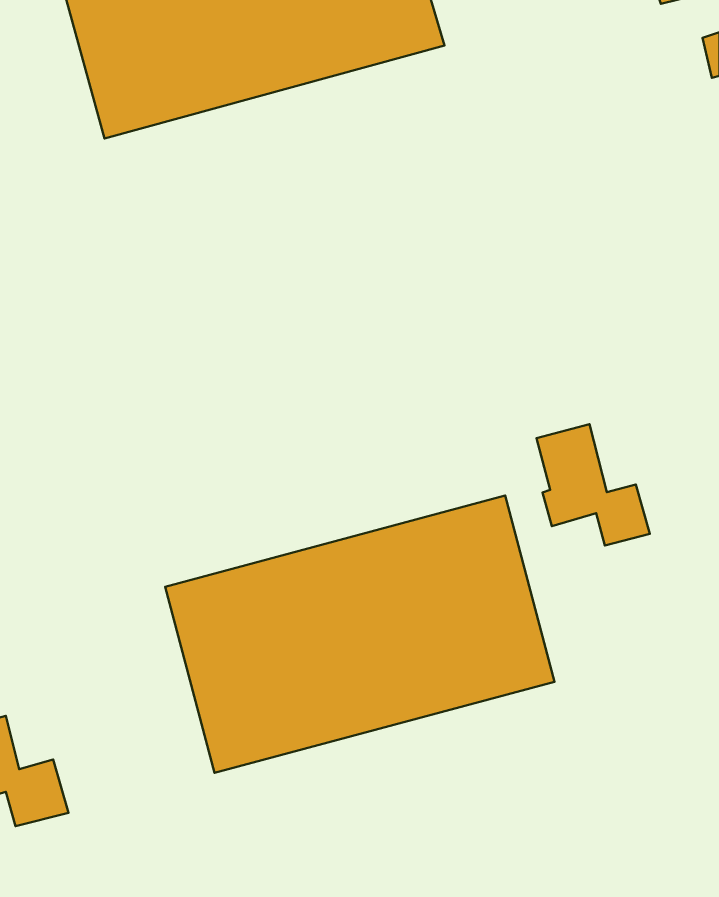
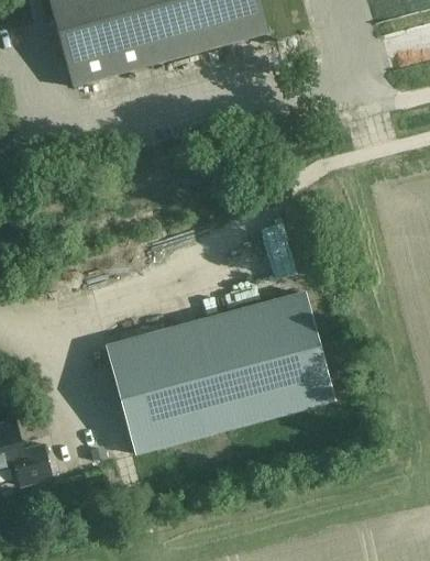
building: [537,424,650,545] -> none

